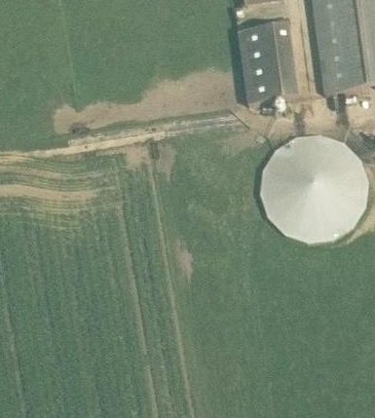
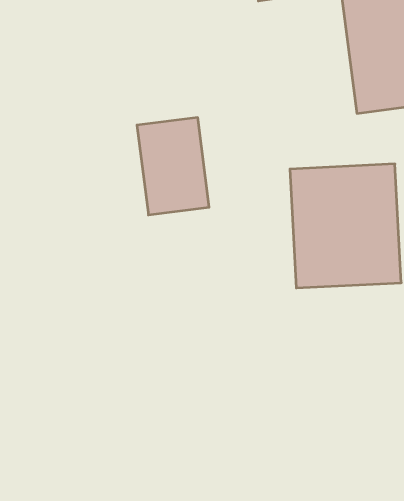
building: [238,22,297,101] -> [137,118,209,215]

